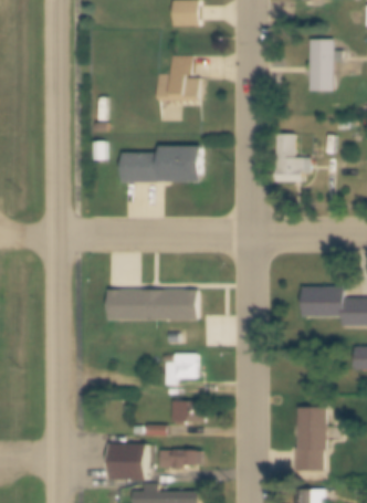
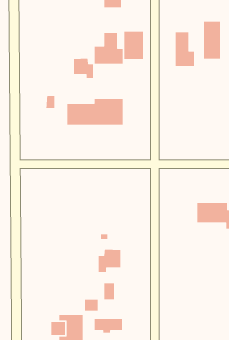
building: none -> [124,31,144,60]
building: none -> [73,58,94,79]
building: [275,134,303,182] -> [175,31,195,67]
building: [108,290,197,321] -> none
building: [294,405,326,472] -> none

